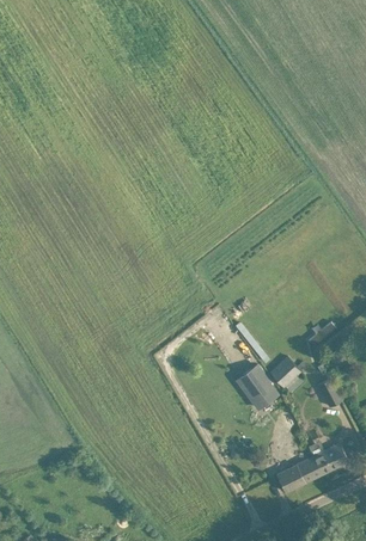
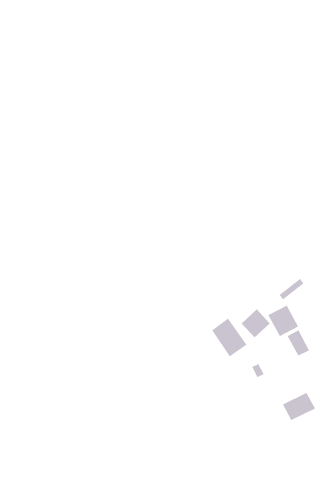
building: none -> [267,305,299,337]
building: [276,457,322,493] -> none

